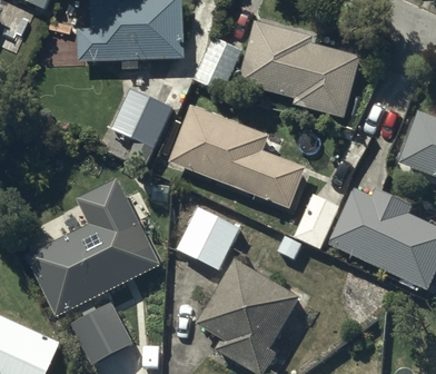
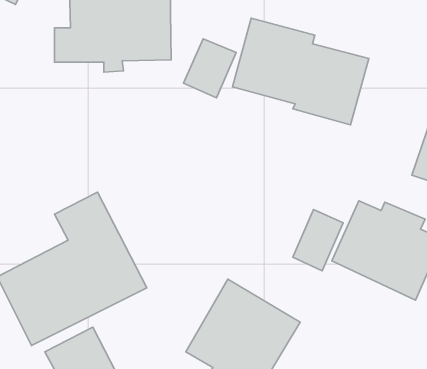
building: [112,96,171,170] -> none
building: [168,105,304,207] -> none
building: [176,206,239,270] -> none

